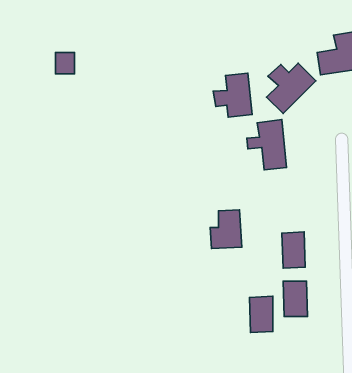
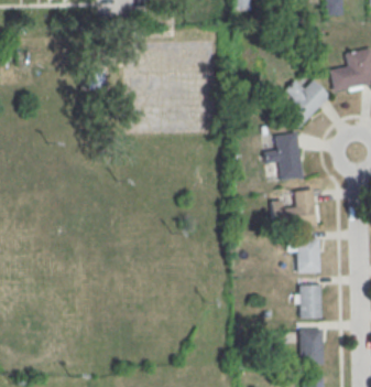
building: [213,73,252,117] -> none
building: [210,210,242,248] -> [288,190,318,226]
building: [249,296,273,333] -> [301,329,323,363]

